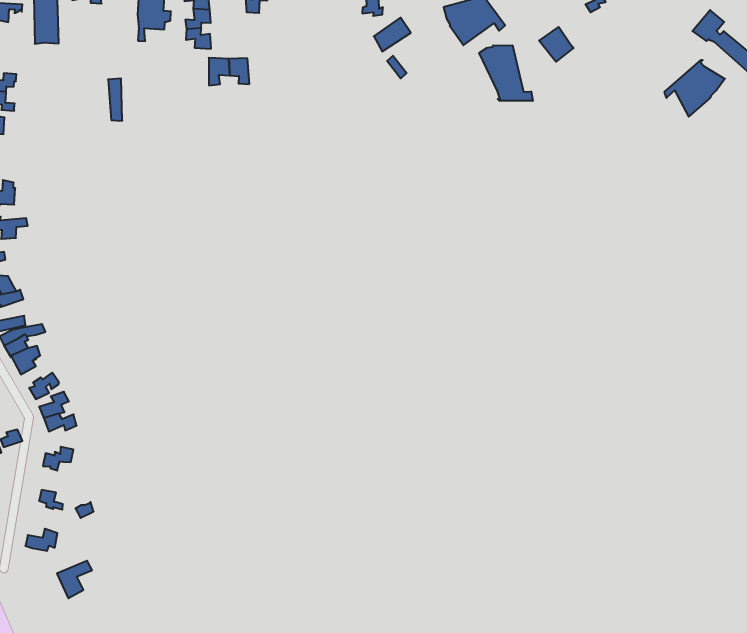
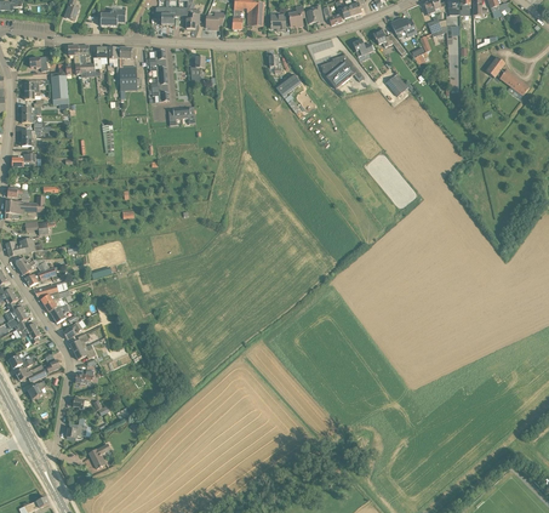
building: [479,45,533,101] -> none
building: [665,60,725,117] -> none

